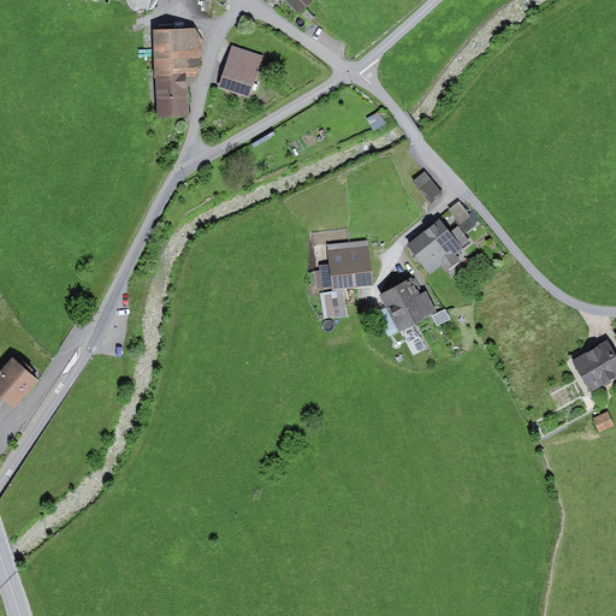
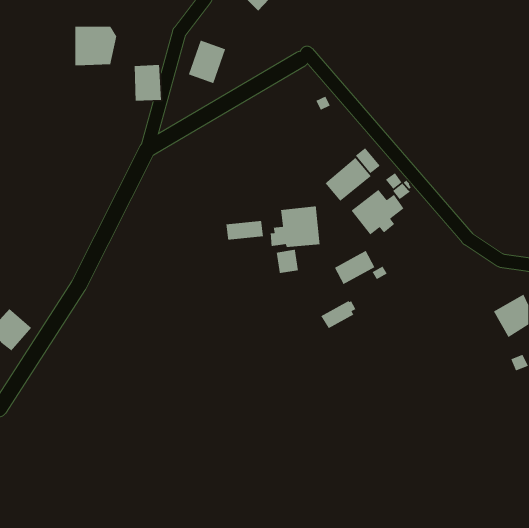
building: [153,29,202,76] -> [75,26,117,66]
building: none -> [324,157,372,202]
building: none -> [226,220,264,240]
building: [378,277,420,310] -> [320,300,357,329]

